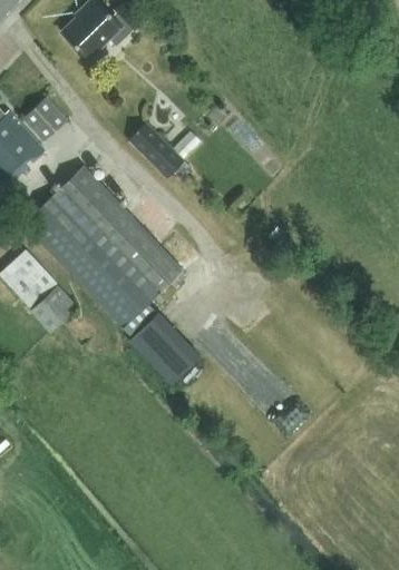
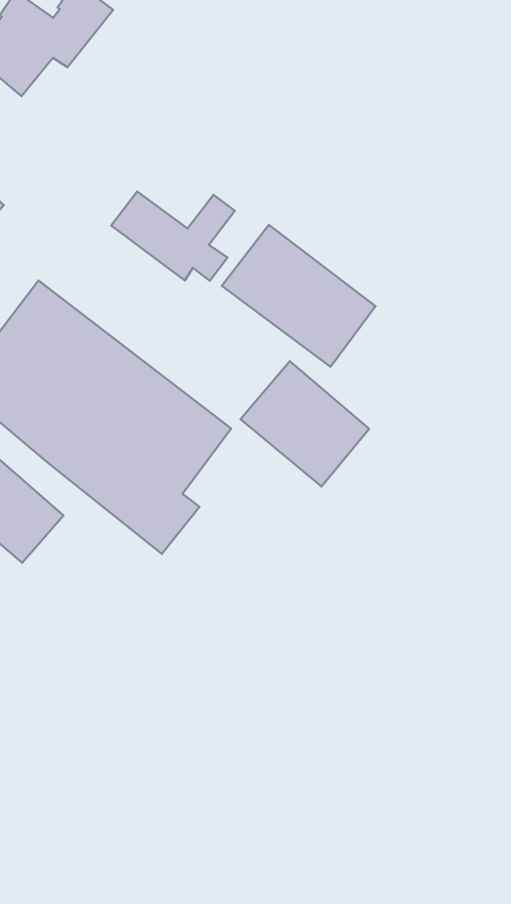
building: none -> [222,225,376,367]
building: [135,308,210,384] -> [240,361,369,487]

